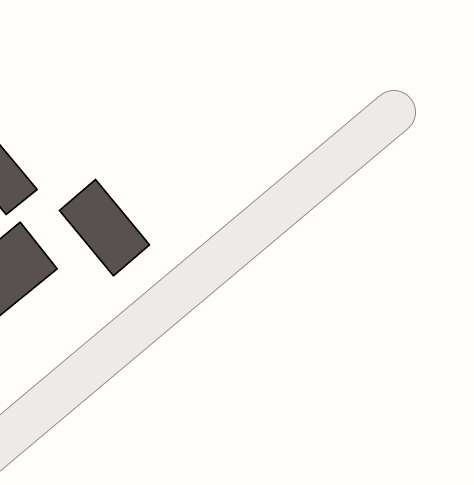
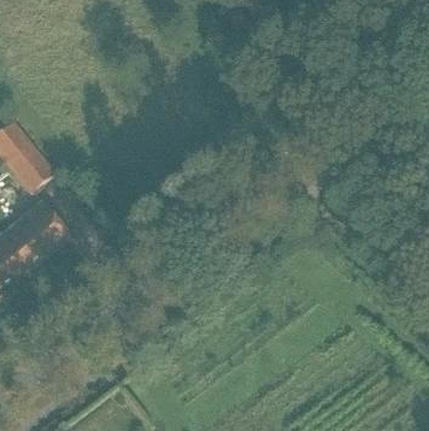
building: [59,180,149,276] -> none

